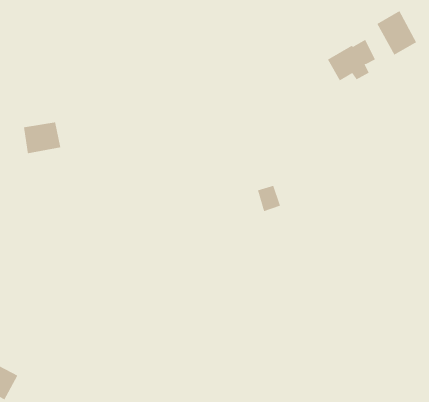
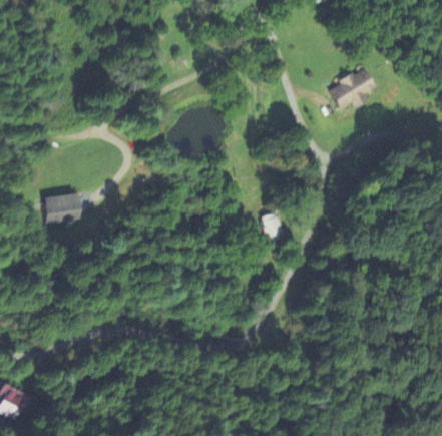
building: [377,10,417,56] -> none
building: [23,122,61,154] -> [44,191,81,223]

